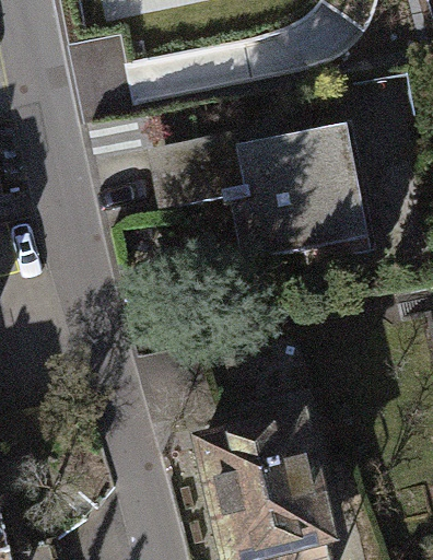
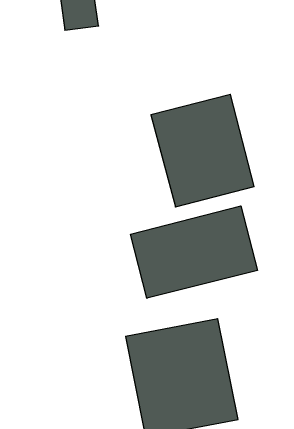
building: none -> [131,206,257,298]

